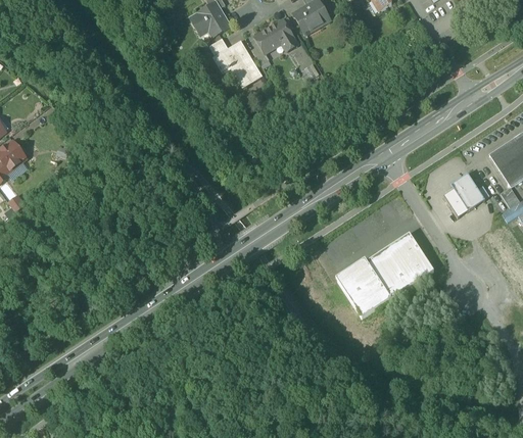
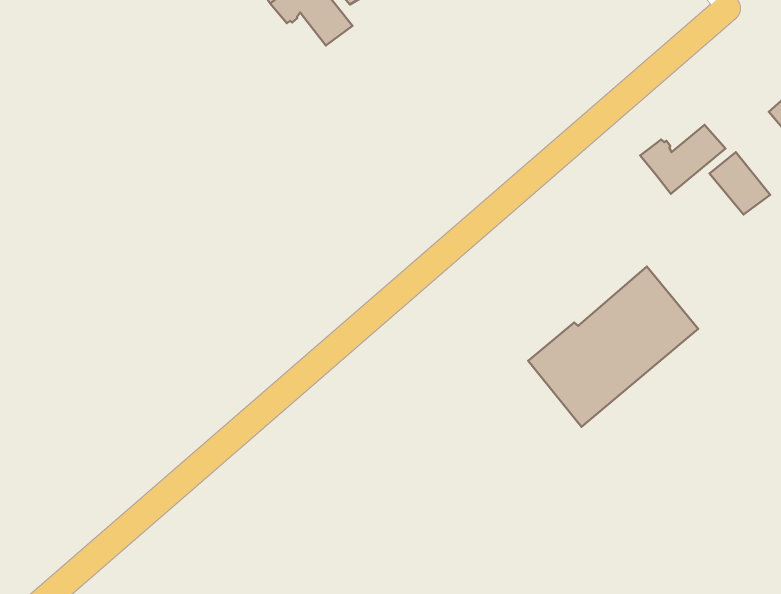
building: none -> [640,125,726,194]

